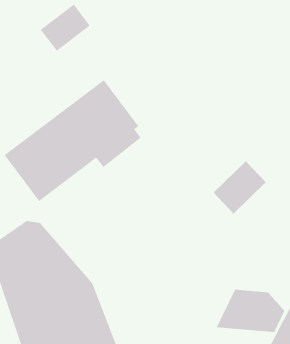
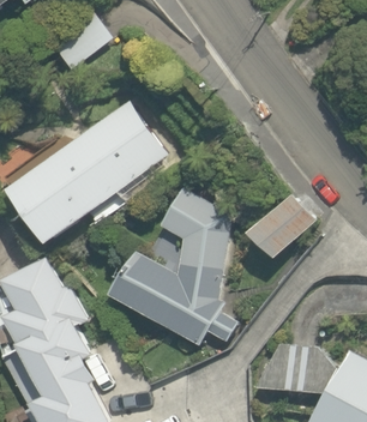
building: none -> [110,186,236,344]

